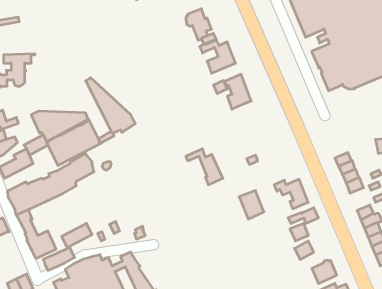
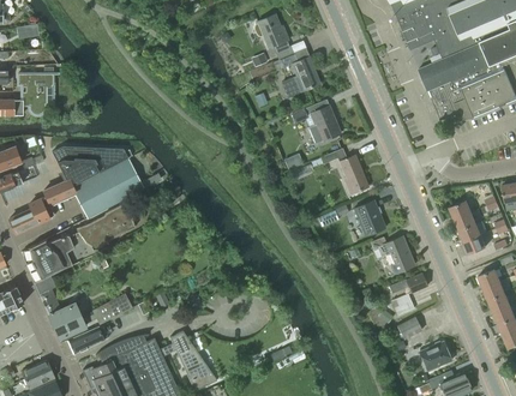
building: [86,78,135,133] -> none
building: [186,149,223,185] -> [320,148,368,194]
building: [239,191,264,219] -> [353,199,385,236]

